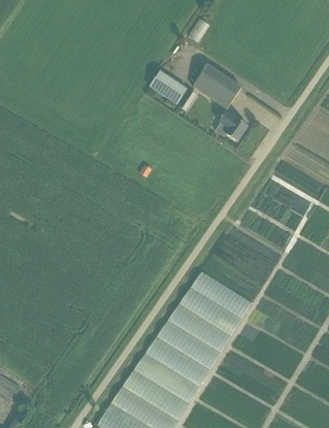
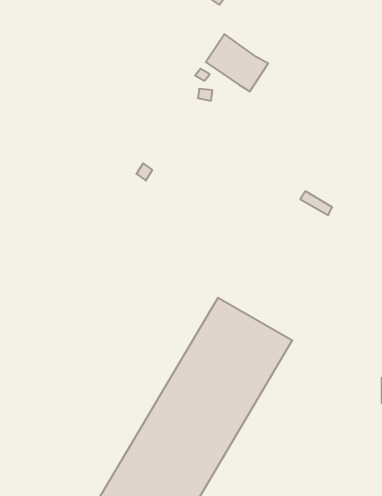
building: [145,69,184,103] -> none
building: [211,109,244,140] -> none

